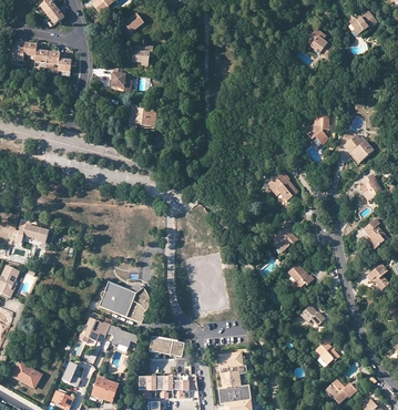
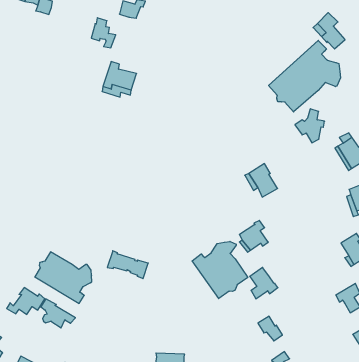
building: none -> [269,40,341,112]
building: none -> [192,241,248,299]
building: [149,336,184,356] -> [107,251,148,279]

